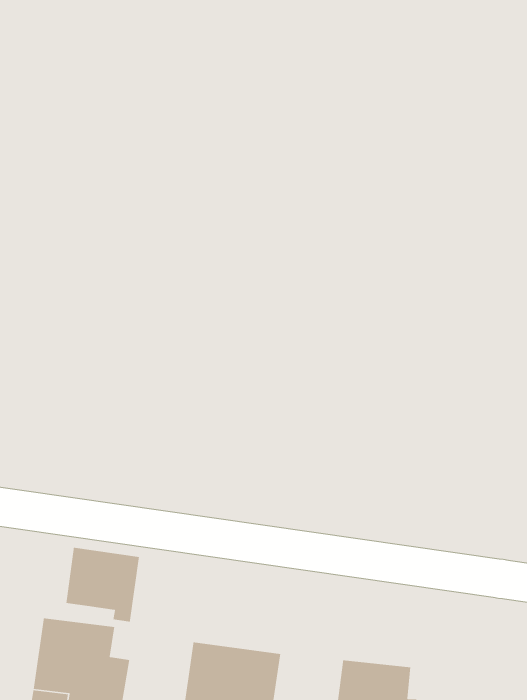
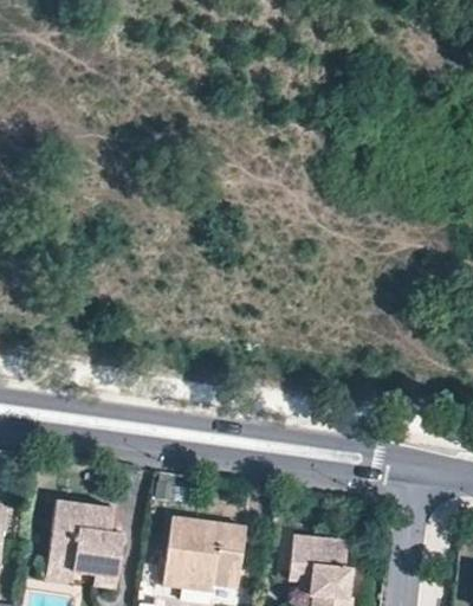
building: [65,547,140,623] -> none

